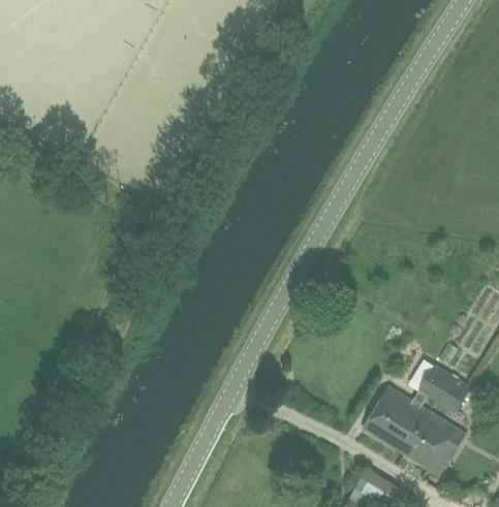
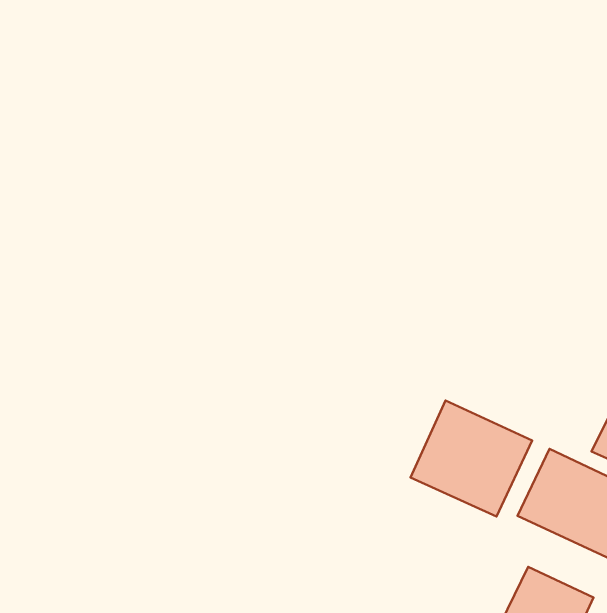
building: none -> [411,400,532,516]

